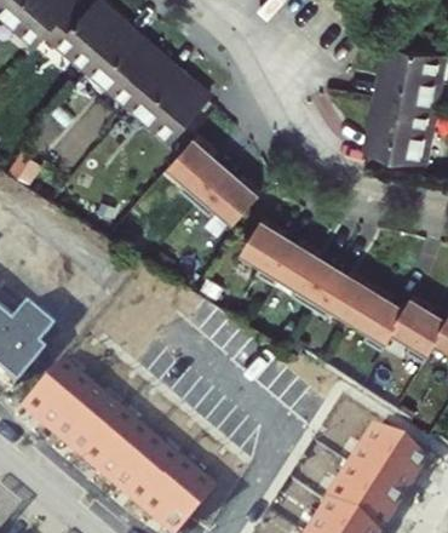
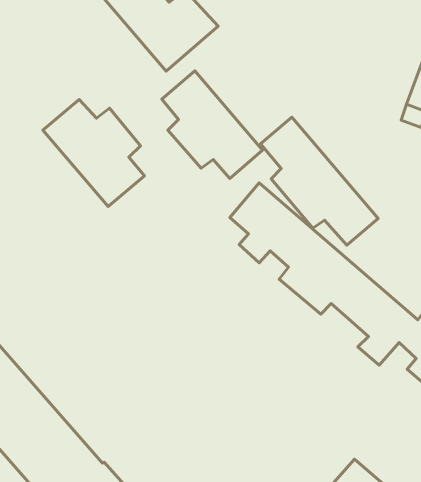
building: none -> [260,117,378,245]
building: none -> [43,99,144,207]

